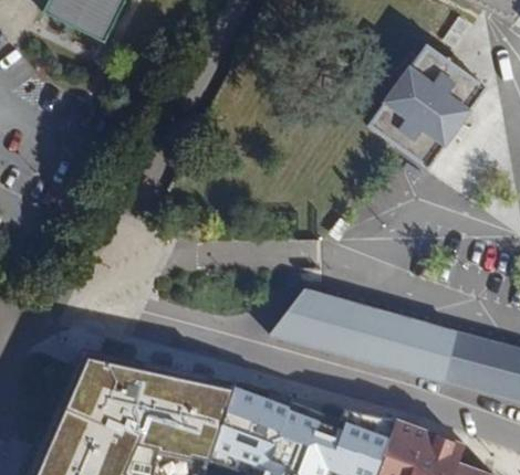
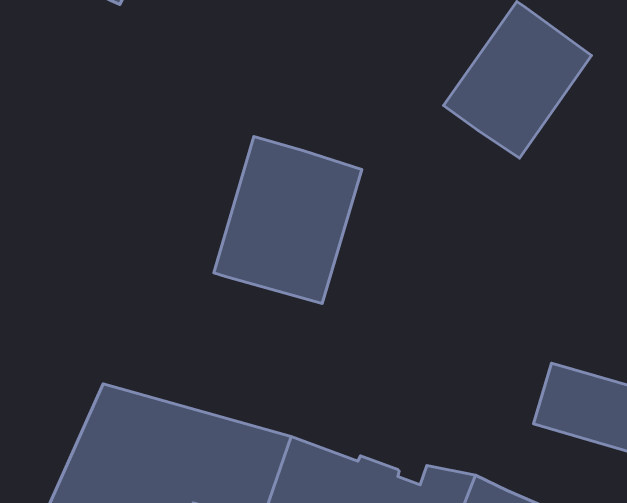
building: none -> [214,137,362,303]
building: [269,288,454,380] -> none

